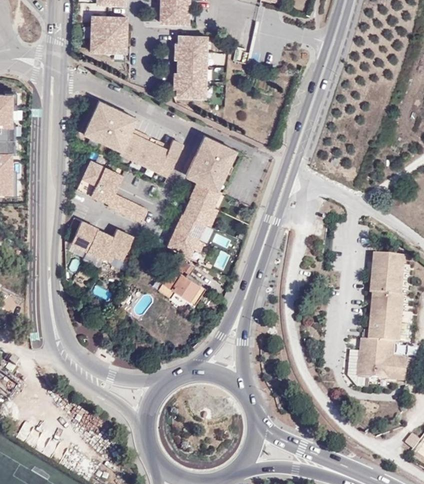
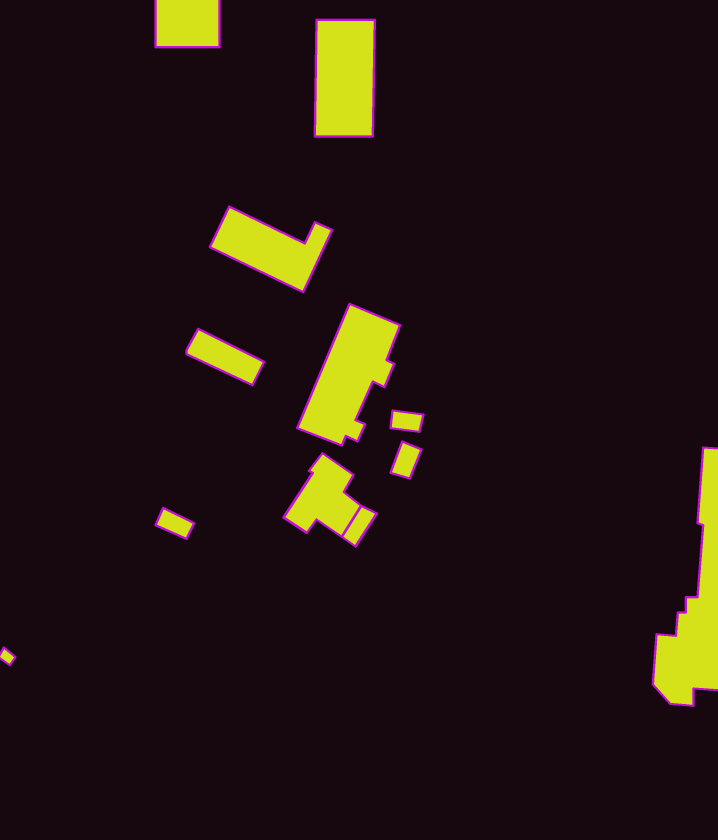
building: [82,100,134,148] -> none
building: [186,135,234,190] -> none
building: [74,157,120,202] -> none
building: [67,221,130,263] -> none

